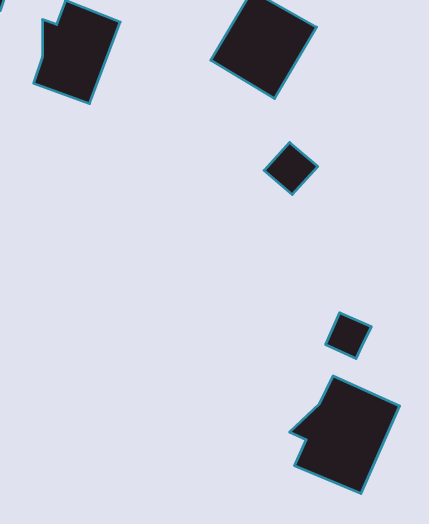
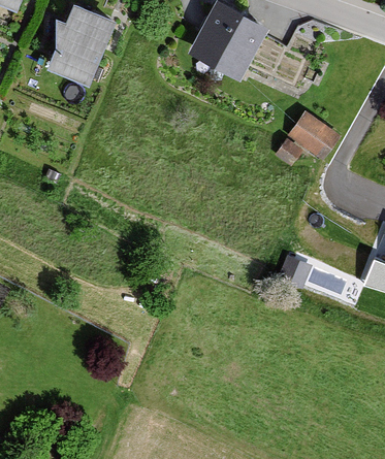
building: [264,142,318,195] -> [289,110,332,153]
building: [290,376,400,494] -> none

